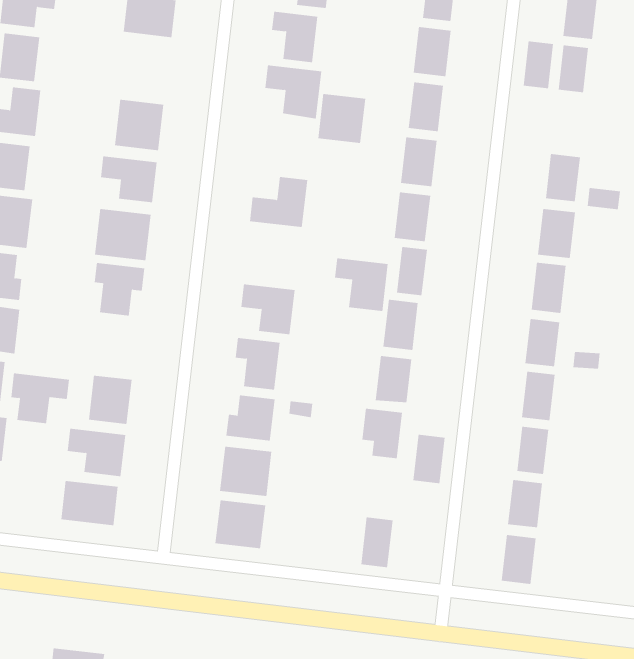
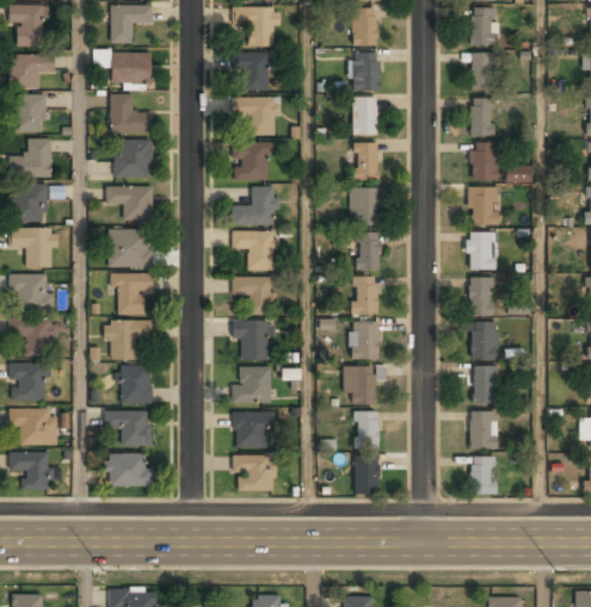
building: [523,41,554,89] -> [470,98,492,135]
building: none -> [111,94,152,132]
building: [317,93,366,143] -> [234,142,270,179]
building: [334,258,389,312] -> [233,231,276,271]
building: [10,373,70,424] -> [105,320,152,358]
building: [413,434,445,484] -> [355,410,377,448]

